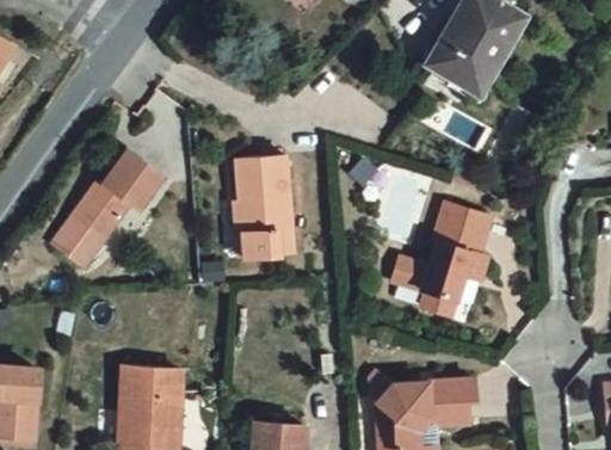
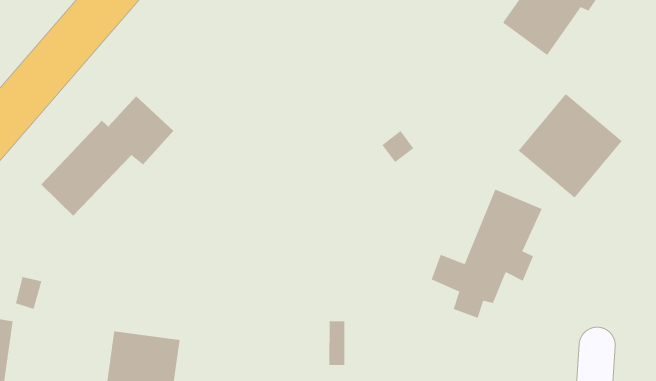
building: none -> [518,93,623,198]
building: [240,162,296,265] -> none

